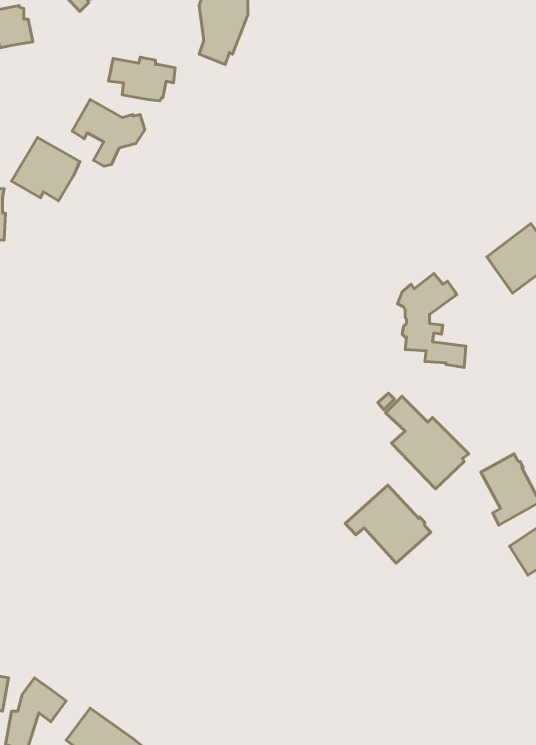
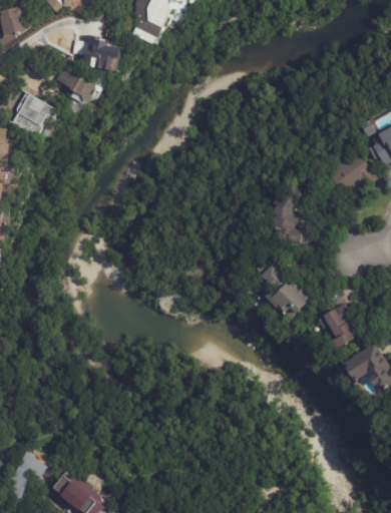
building: [345,485,431,563] -> none

